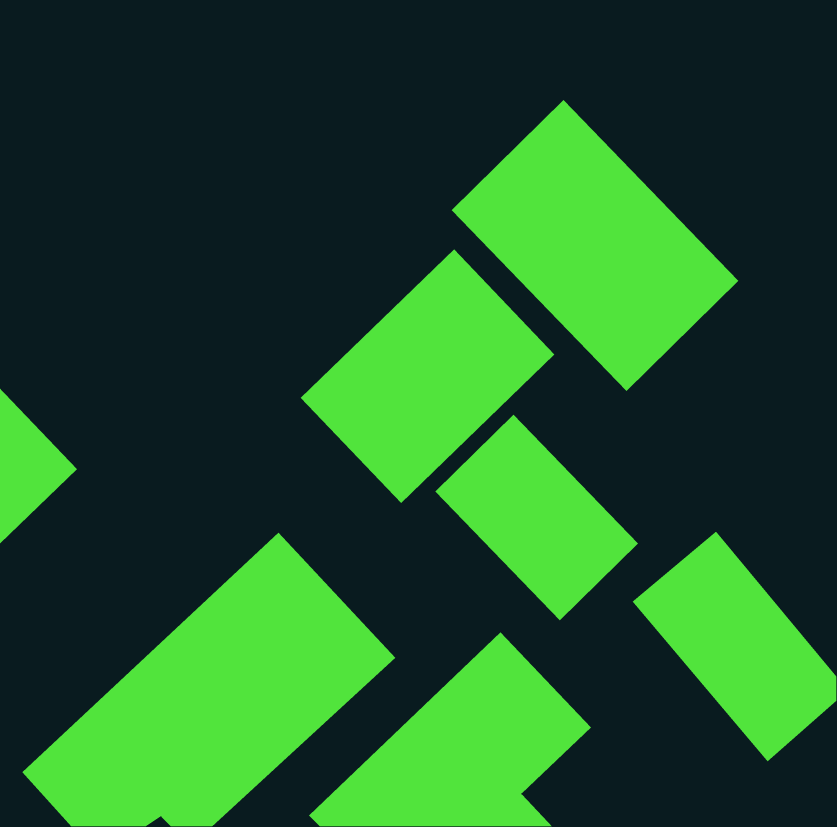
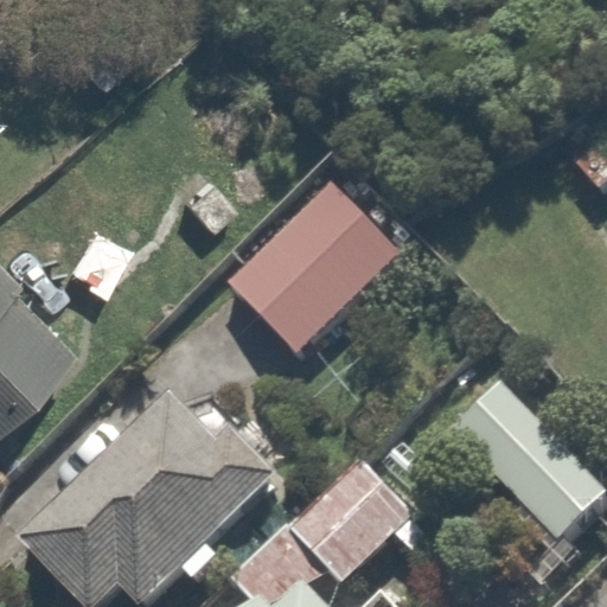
building: [451,99,739,392] -> none
building: [435,414,639,621] -> none

